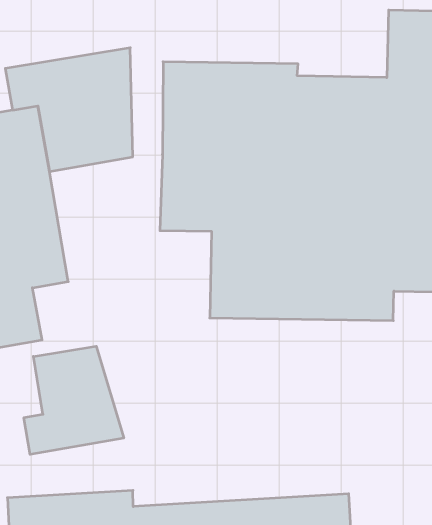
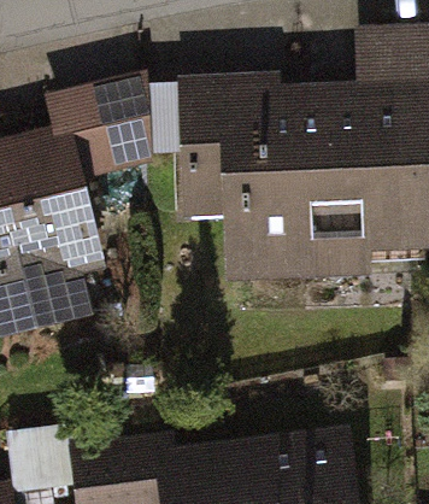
building: [24,346,124,454] -> none

